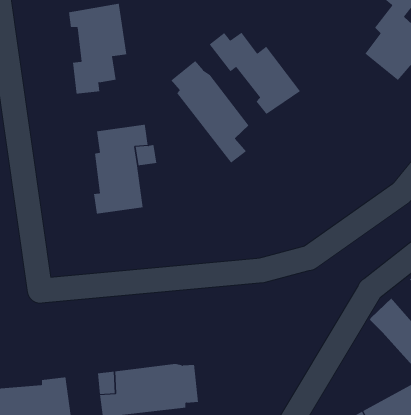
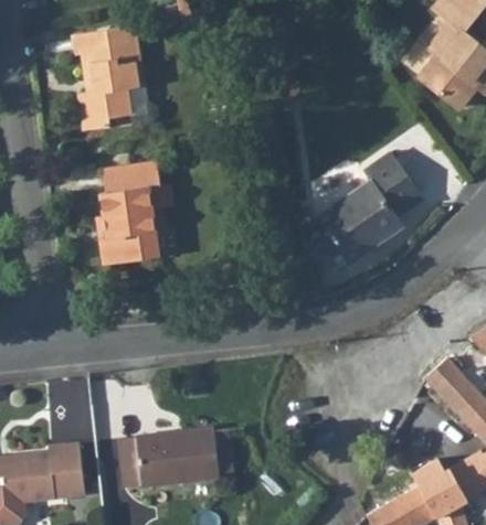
building: [209,32,301,115] -> none
building: [171,60,249,163] -> none
building: none -> [302,146,419,268]

